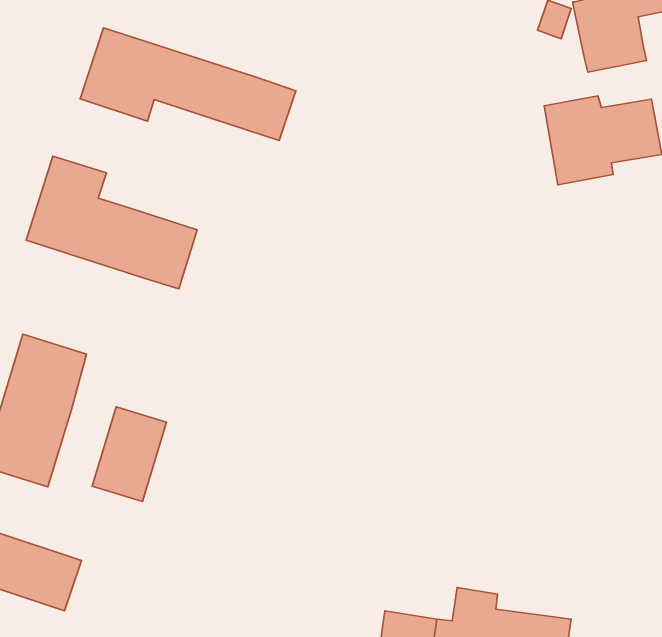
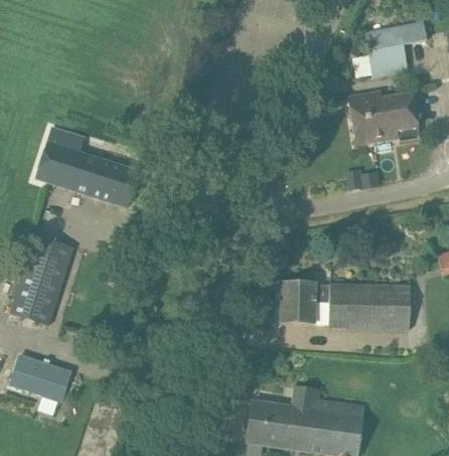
building: [80,28,296,140] -> none
building: [92,407,167,501] -> none
building: none -> [281,282,411,329]

